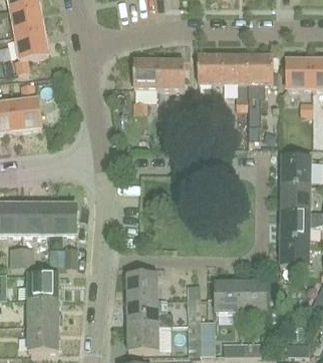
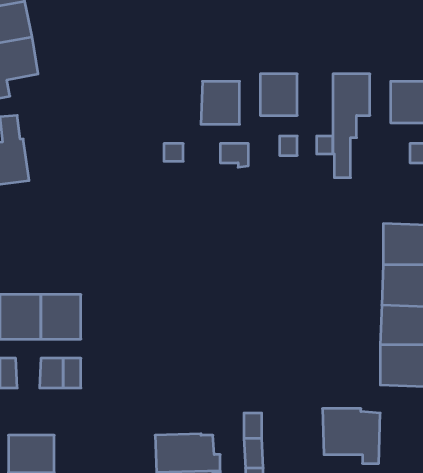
building: [223,54,247,82] -> none
building: [132,58,158,88] -> none
building: [27,273,58,299] -> none
building: [126,273,157,299] -> none
building: [214,281,241,312] -> none

